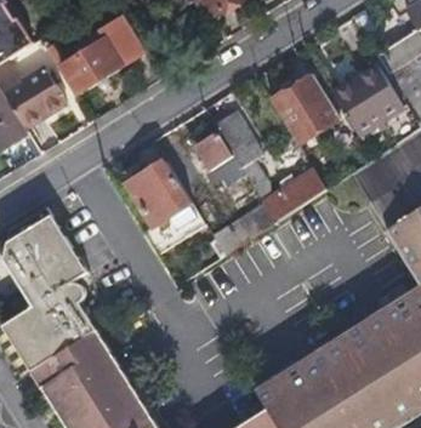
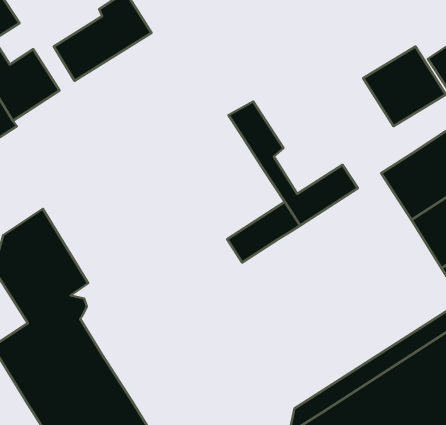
building: [271,74,338,142] -> none
building: [197,133,244,184] -> none
building: [129,160,207,256] -> none

